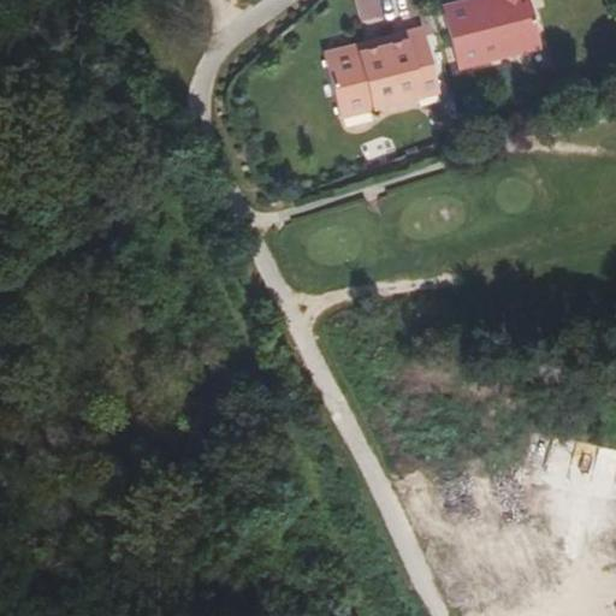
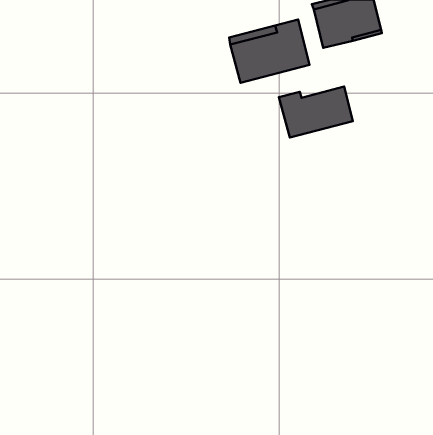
building: none -> [279,87,353,138]

